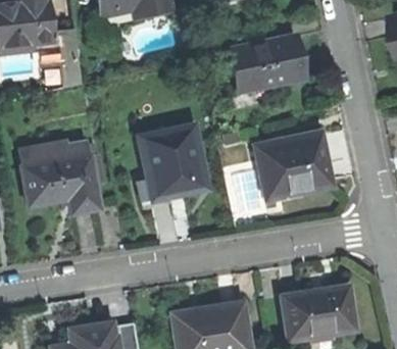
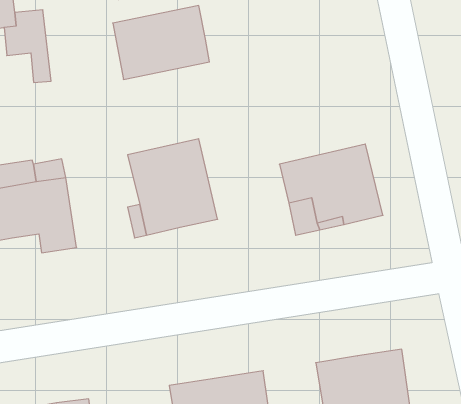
building: [230,36,303,92] -> [113,6,209,79]

